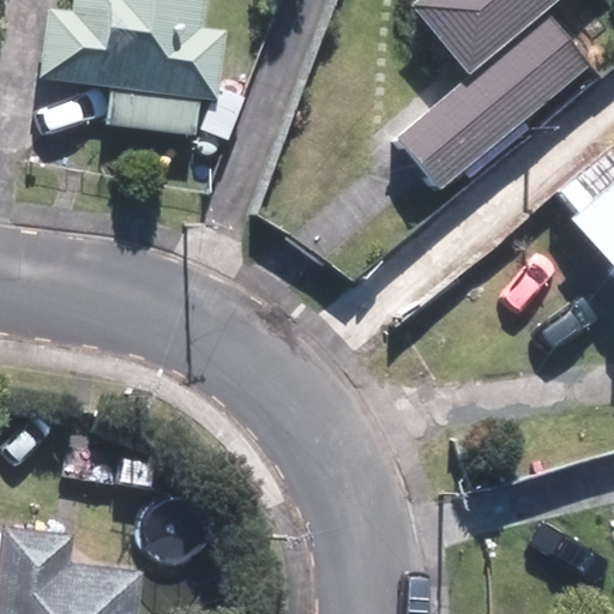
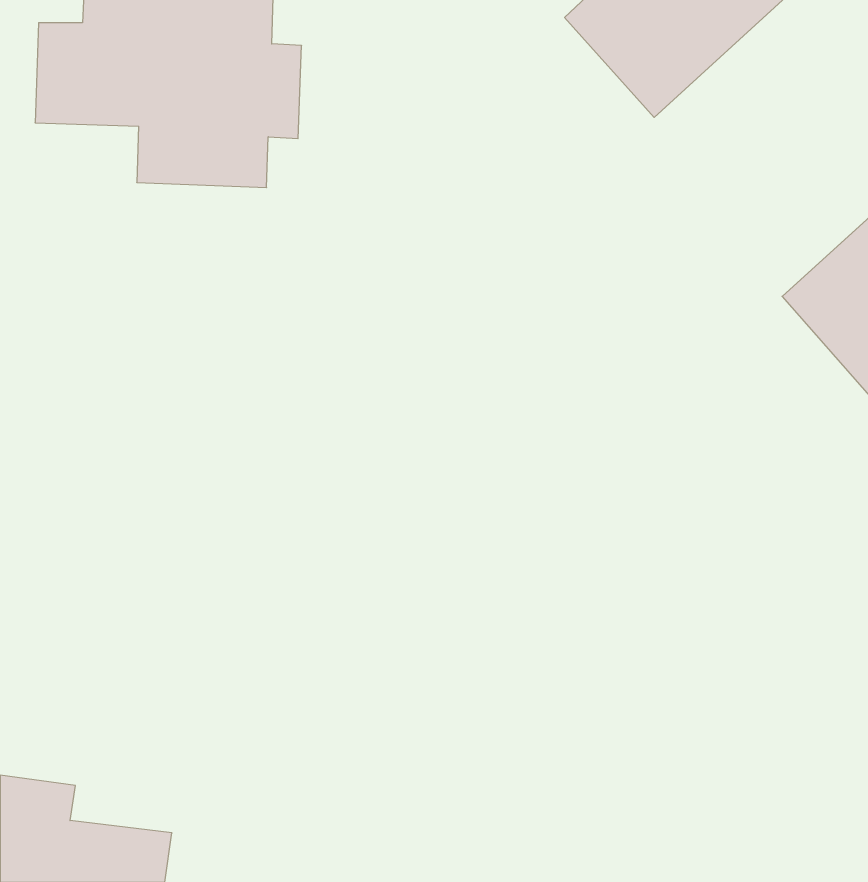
building: [397,16,592,191] -> none

